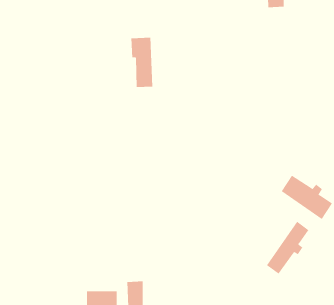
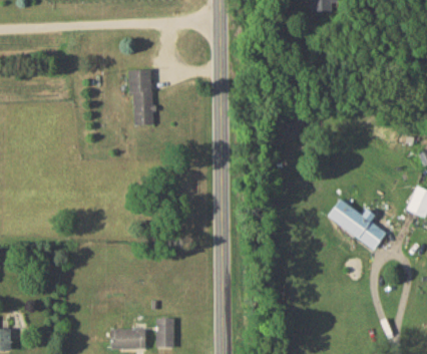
building: [131,37,153,88] -> [128,69,153,125]
building: [266,221,309,274] -> none

